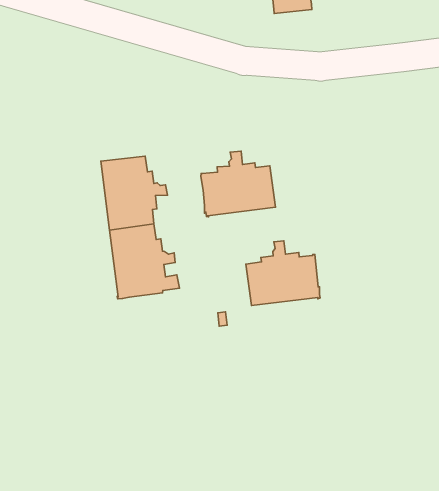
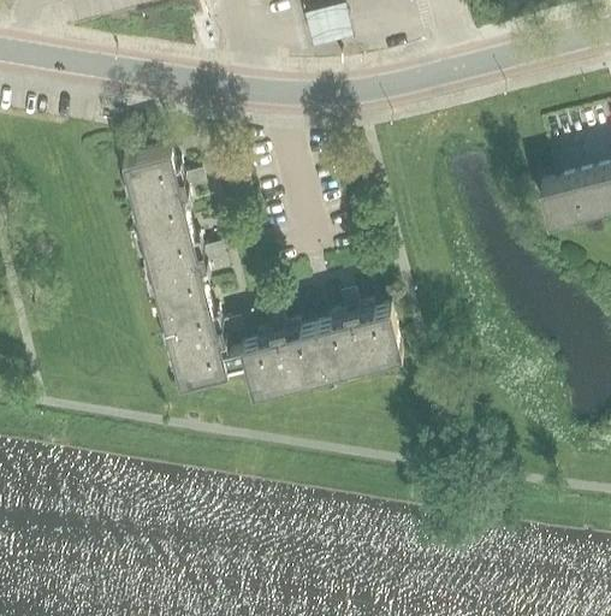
building: none -> [120,150,198,237]
building: [201,151,275,217] -> [239,318,326,395]

